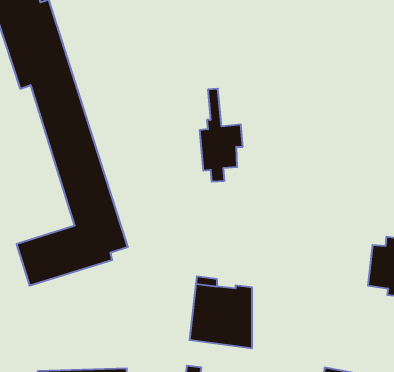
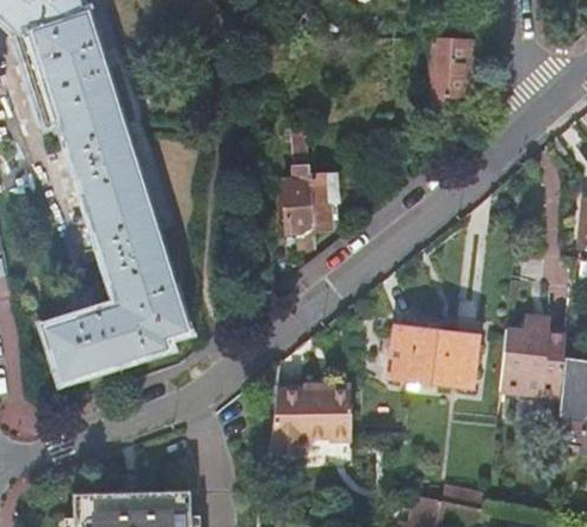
building: none -> [428,39,474,118]
building: none -> [388,321,476,388]

